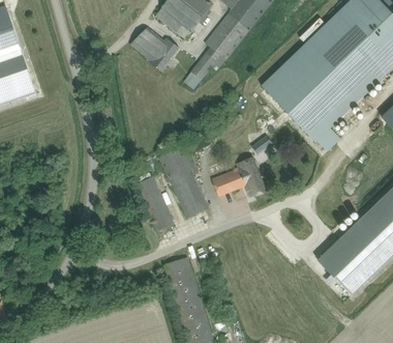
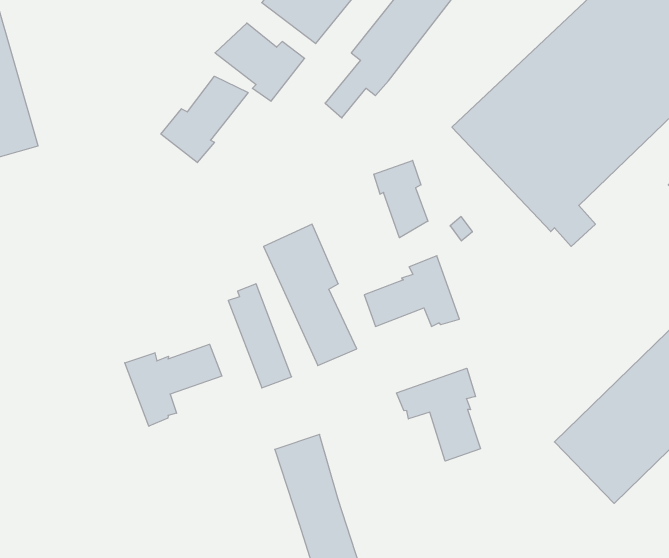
building: none -> [161,76,248,163]
building: none -> [374,160,428,238]
building: none -> [125,344,222,426]
building: none -> [397,368,480,461]

